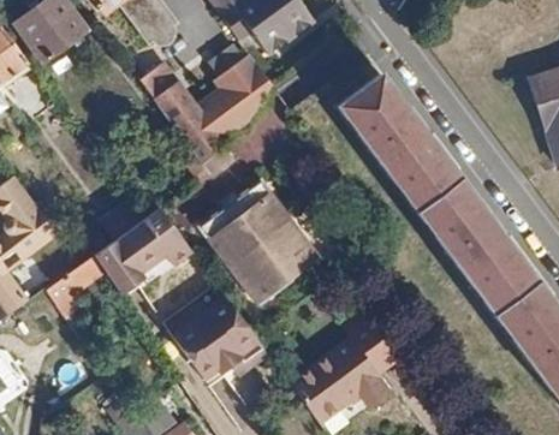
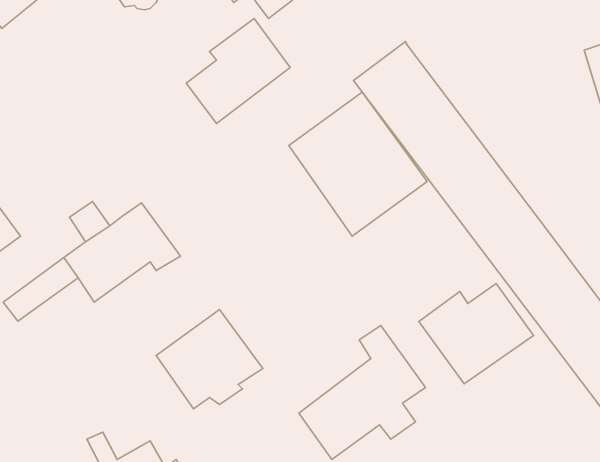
building: [149,75,224,160] -> none
building: [203,181,319,302] -> [289,92,427,236]
building: none -> [419,283,533,384]

